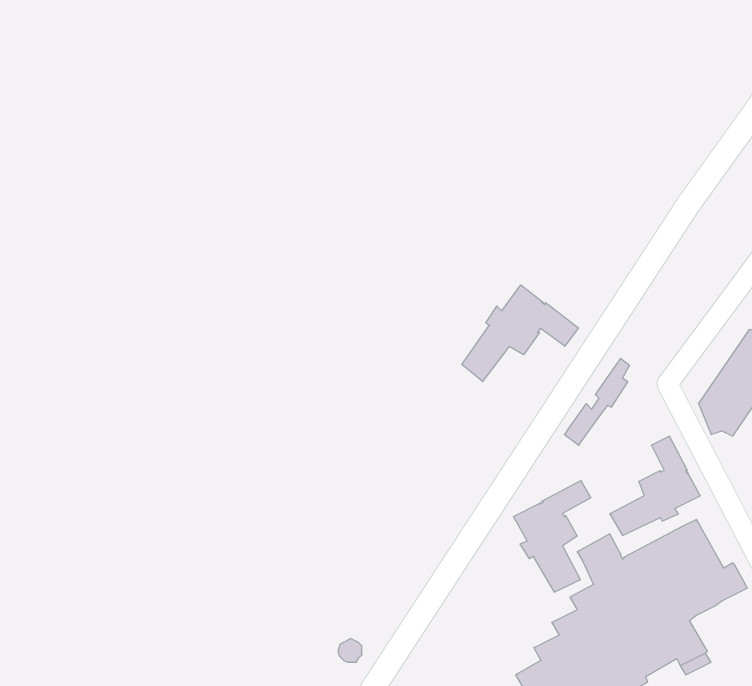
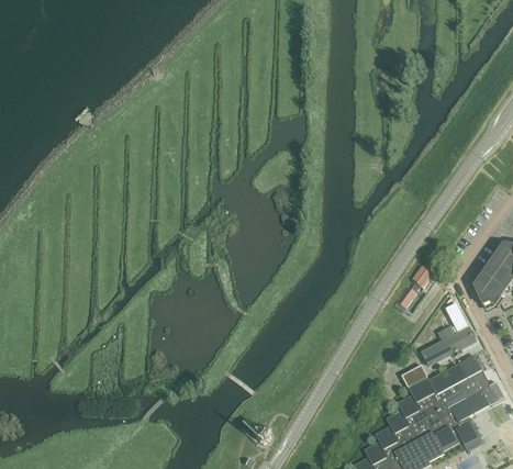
building: [462,285,578,382] -> none
building: [513,480,591,592] -> none

